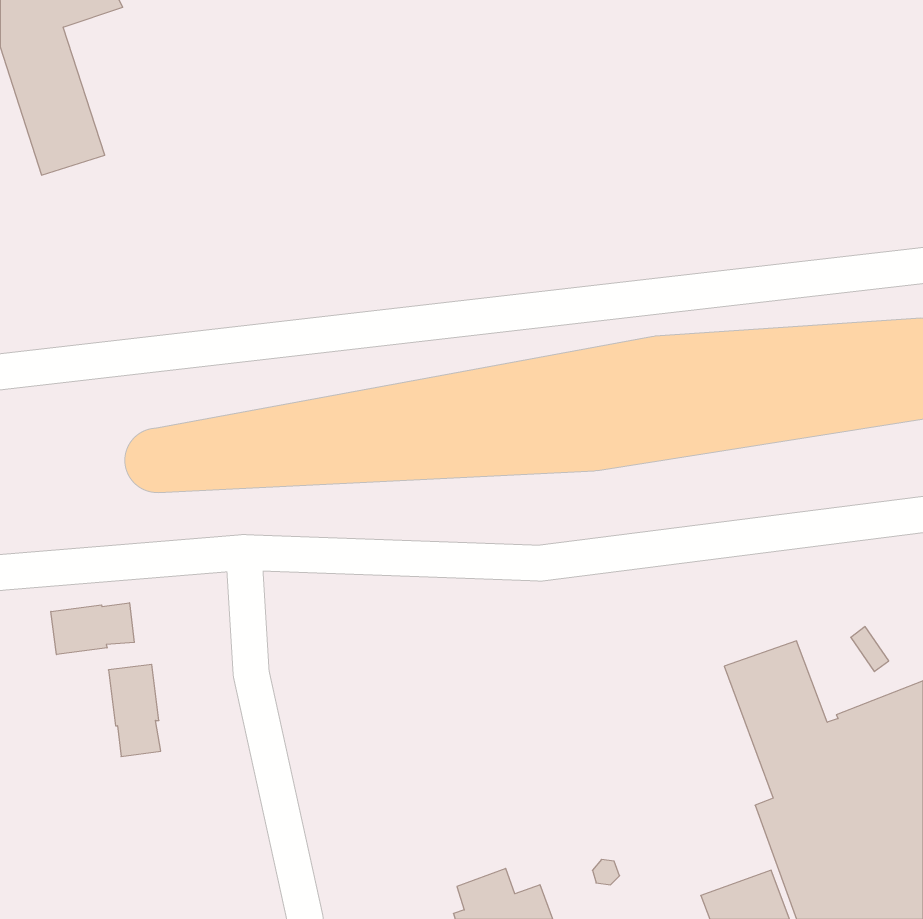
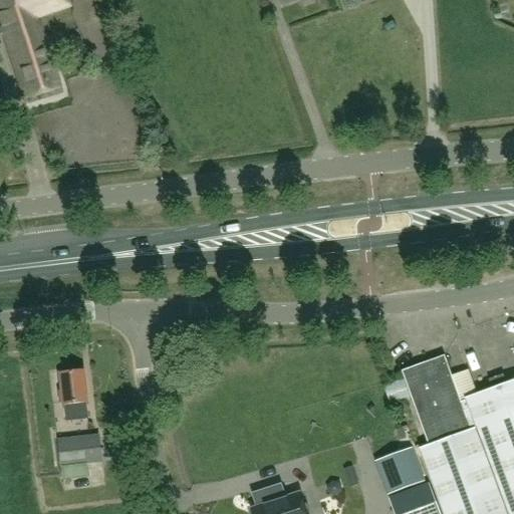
building: [51,603,134,655] -> none
building: none -> [57,434,100,479]
building: none -> [375,447,425,493]

